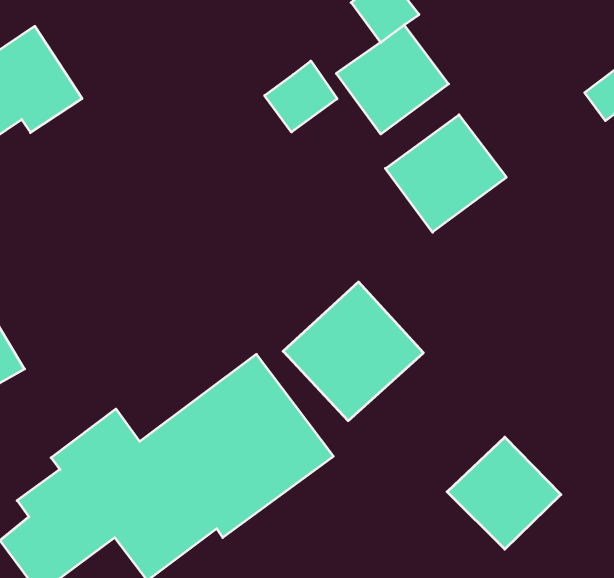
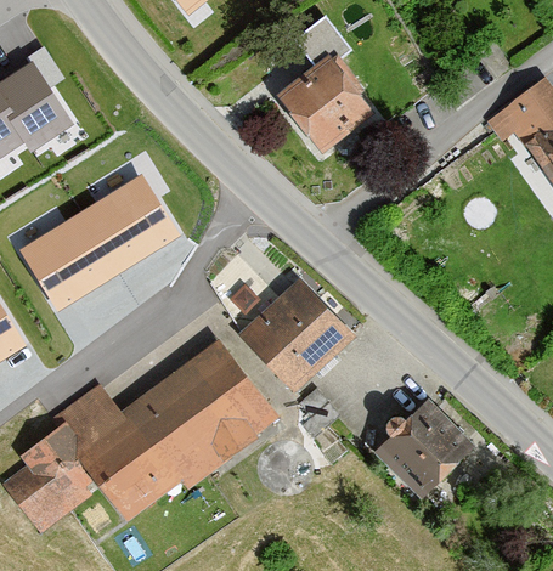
building: [265,61,337,132] -> none
building: [385,115,506,232] -> none
building: none -> [17,173,180,311]

